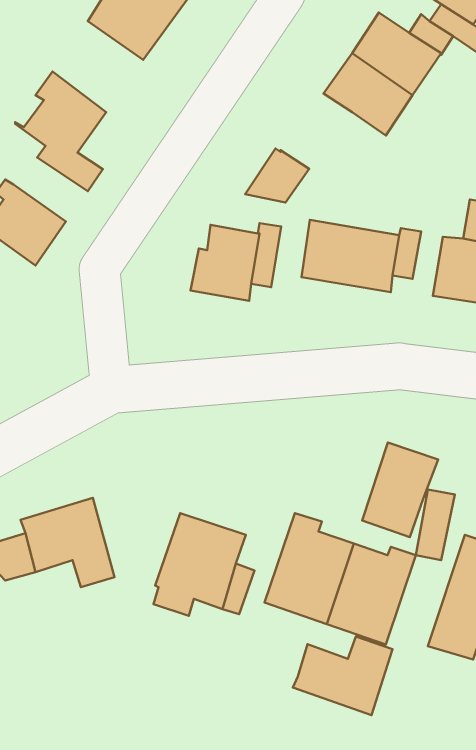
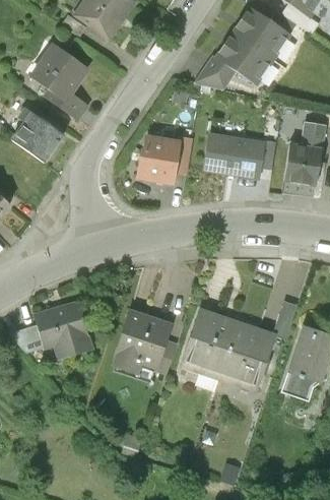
building: [245,149,309,203] -> [196,56,235,88]
building: [362,442,438,537] -> none
building: [293,636,393,715] -> none

